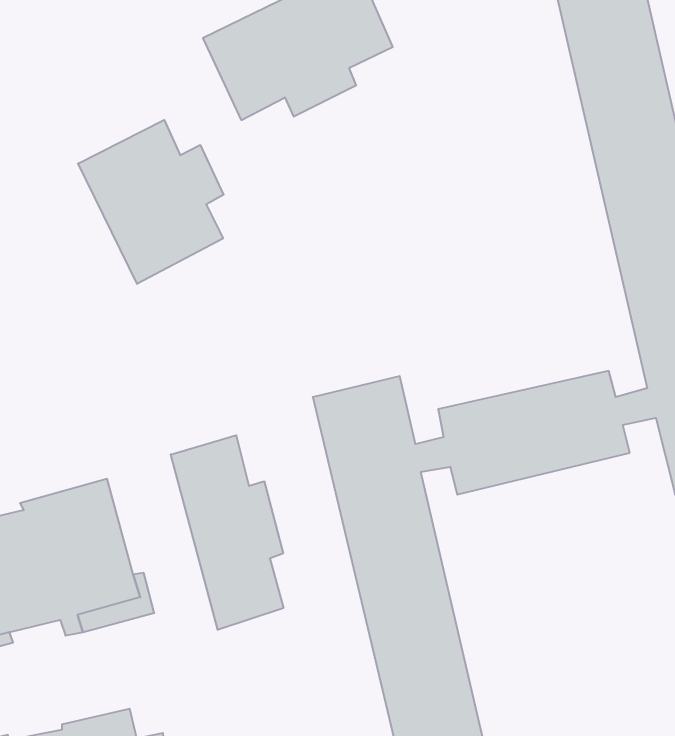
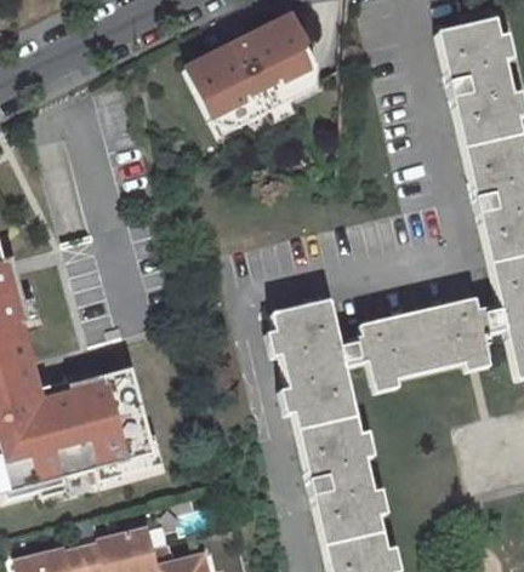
building: [78,120,224,284] -> none
building: [171,435,283,630] -> none

